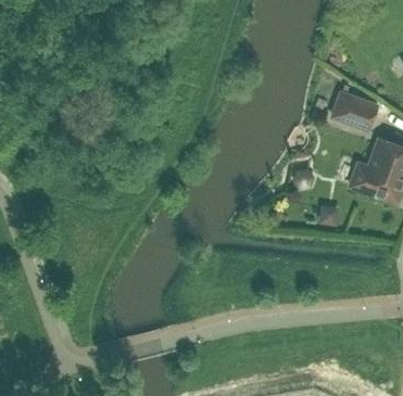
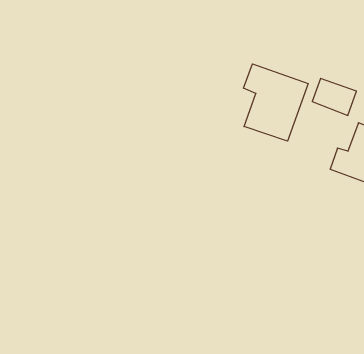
building: none -> [244,64,308,141]

